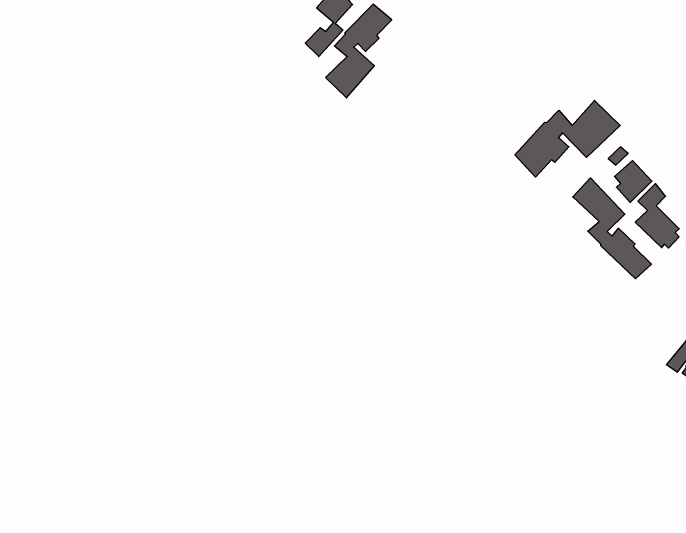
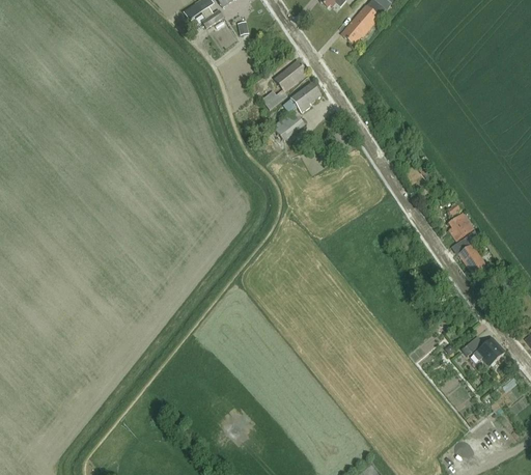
building: [515,100,620,177] -> none
building: [573,178,651,279] -> none

